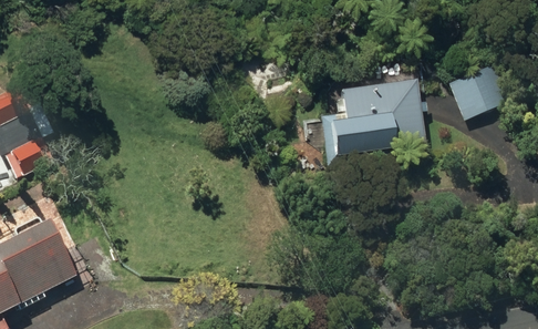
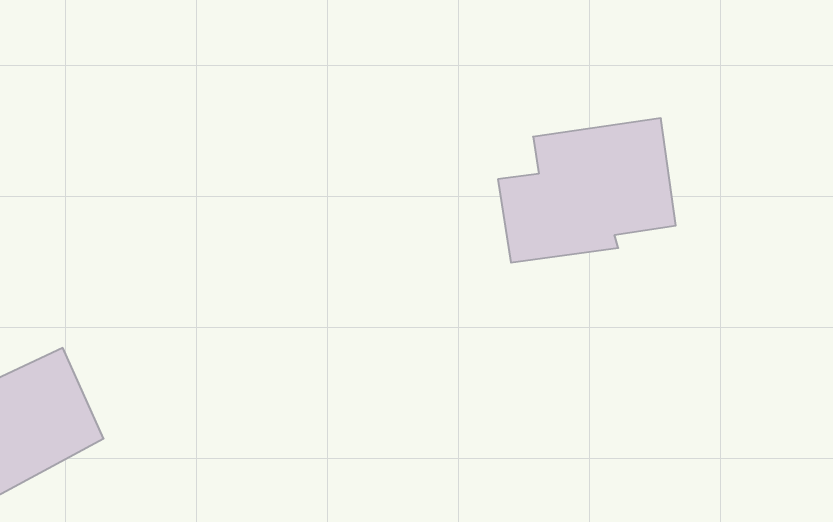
building: [445,63,507,120] -> none

